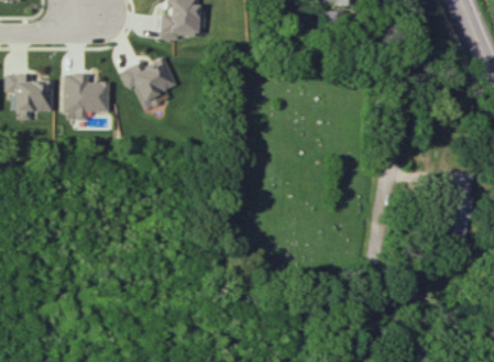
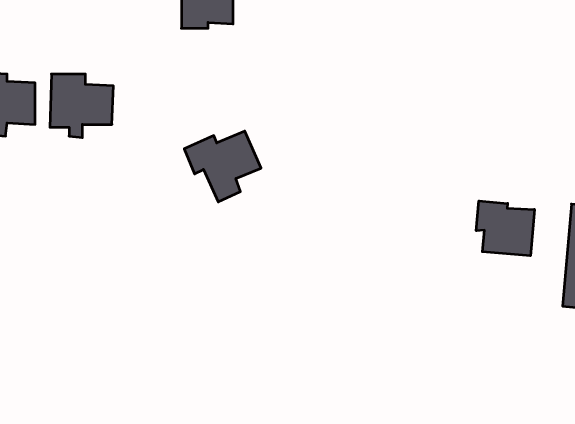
building: [121,58,178,111] -> [184,131,261,202]
building: none -> [476,201,534,256]

